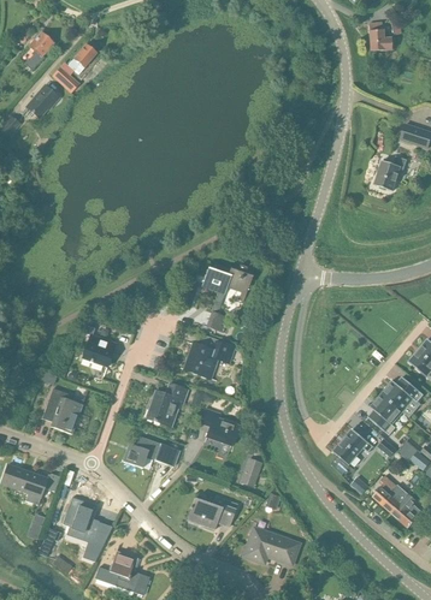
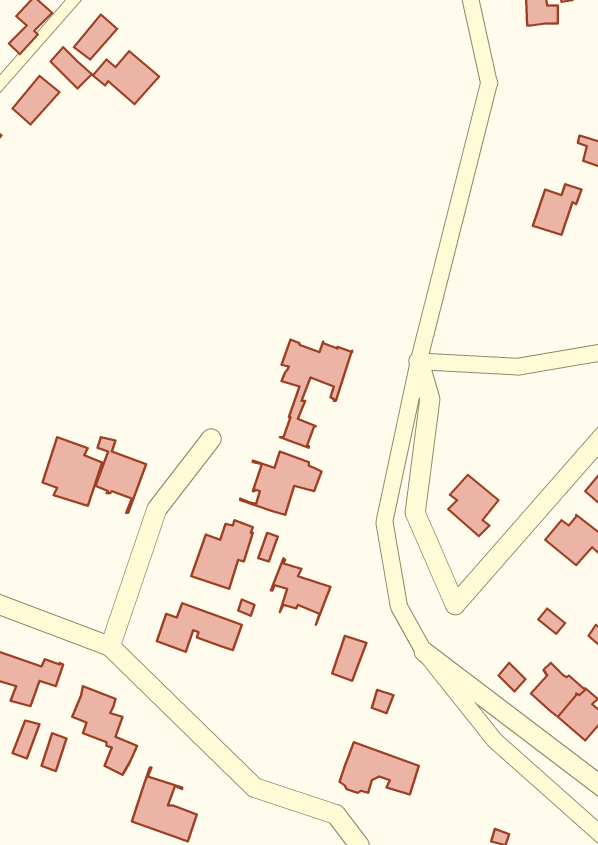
building: none -> [93,51,159,104]
building: [42,387,82,433] -> [43,437,102,506]
building: [368,393,402,434] -> [448,475,499,536]
building: [332,428,373,464] -> none
building: [188,497,237,529] -> none

